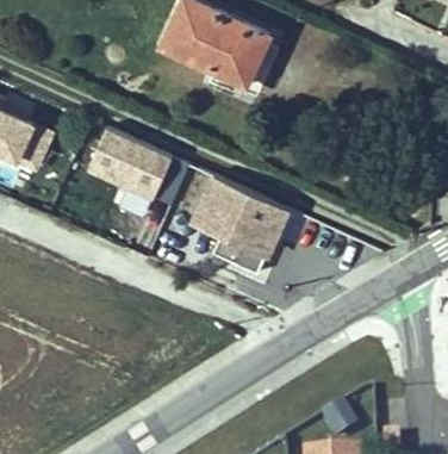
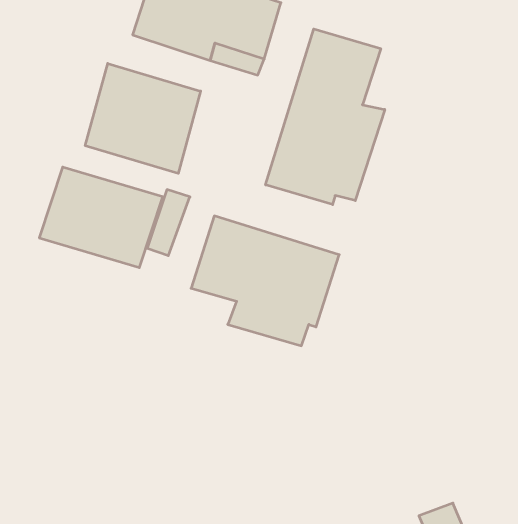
building: none -> [266,29,385,205]
building: none -> [85,63,201,173]

